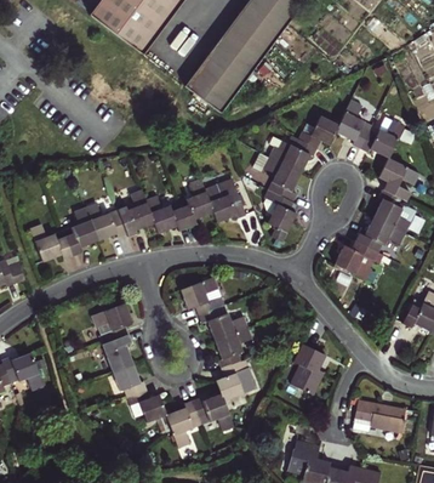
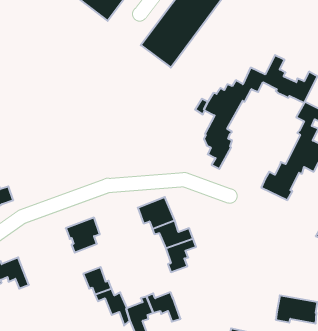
building: [30,178,247,261] -> none
building: [102,334,135,371] -> none
building: [290,342,327,394] -> none
building: [216,360,256,402] -> none

